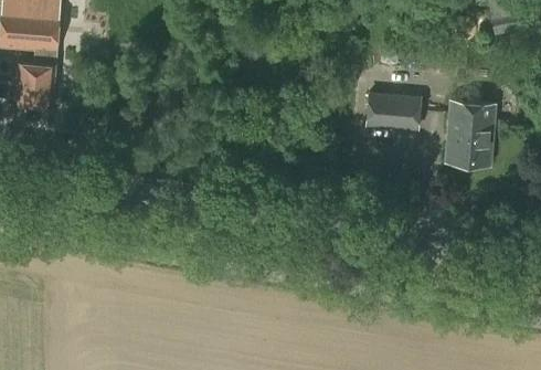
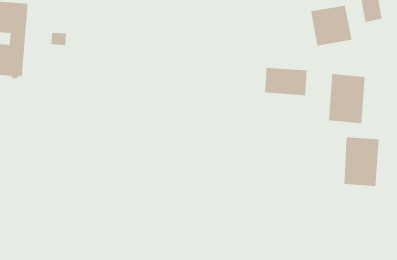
building: none -> [310,5,352,46]
building: none -> [343,136,380,187]

